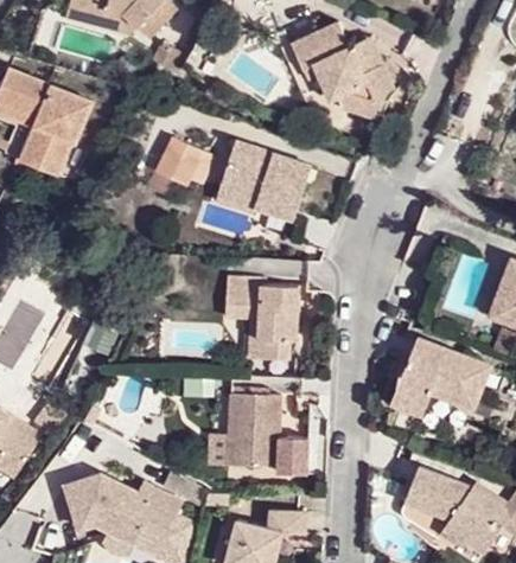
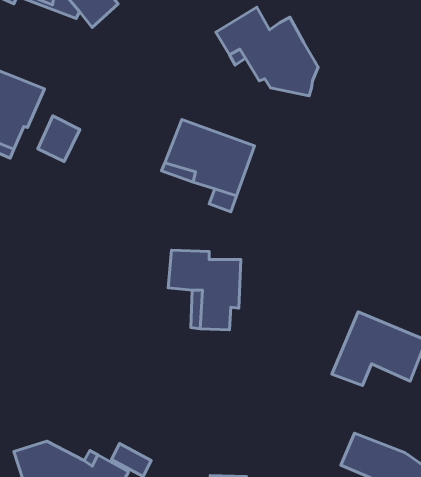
building: [158,132,202,179] -> [38,116,80,161]
building: [224,391,308,473] -> none

